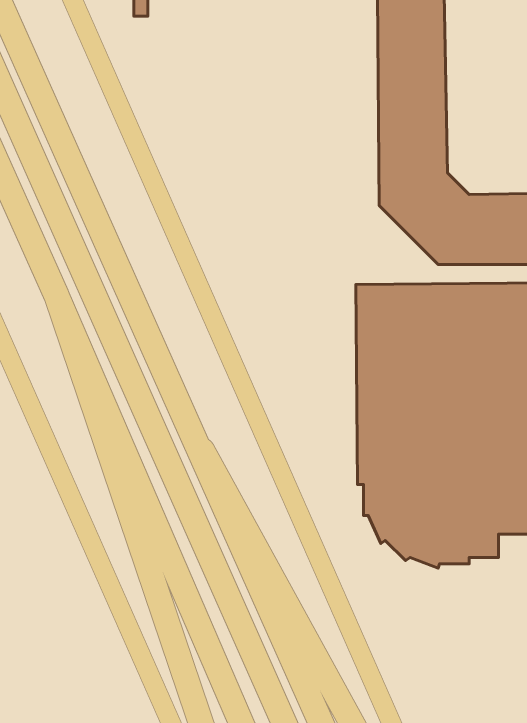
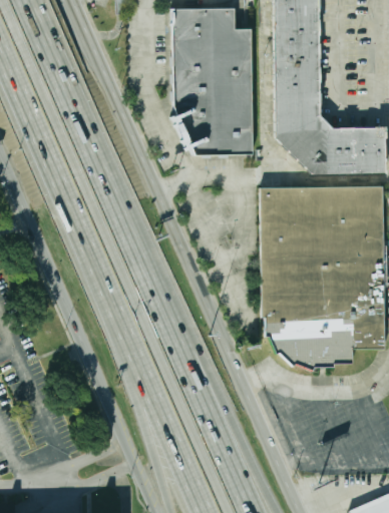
building: none -> [174,8,255,154]

